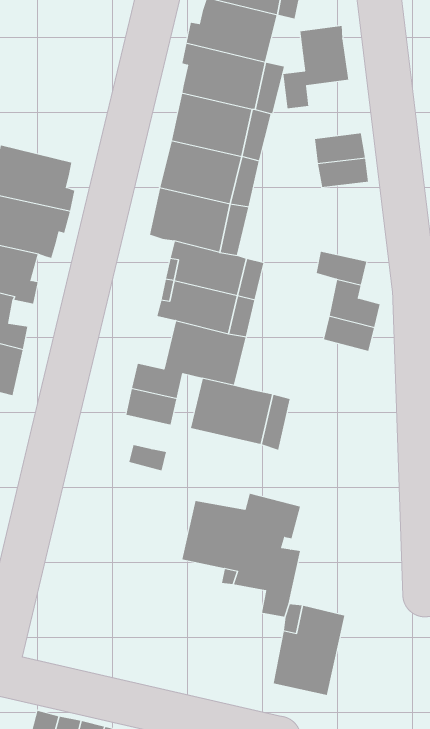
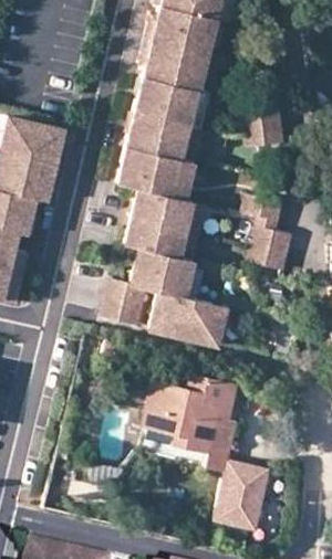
building: [283,25,349,109] -> none

